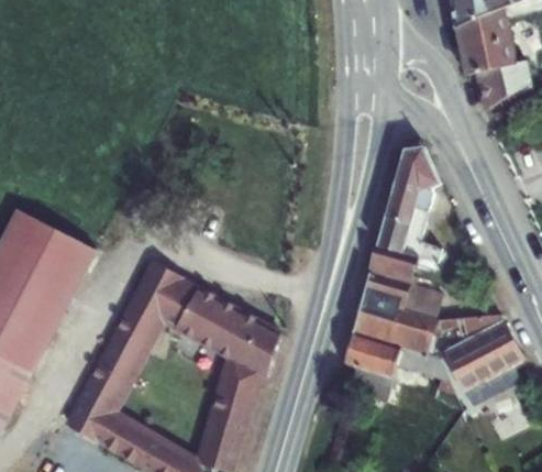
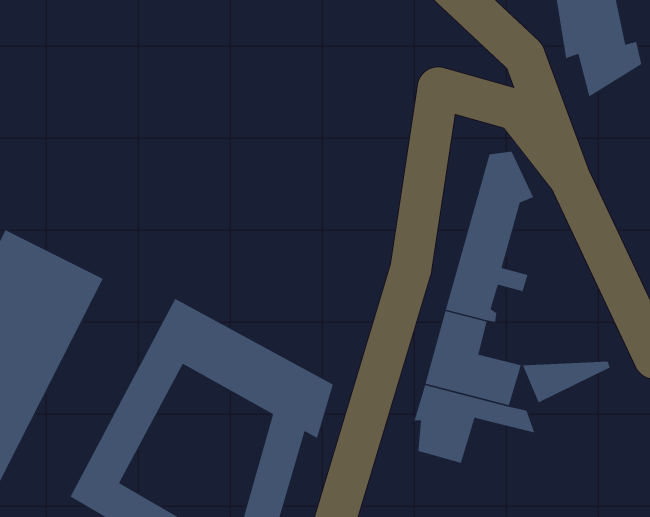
building: [397,283,439,318] -> none
building: [444,320,522,392] -> none

